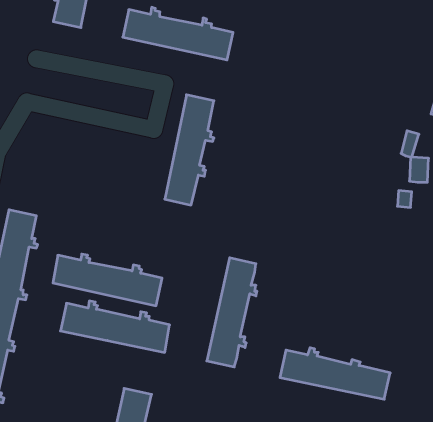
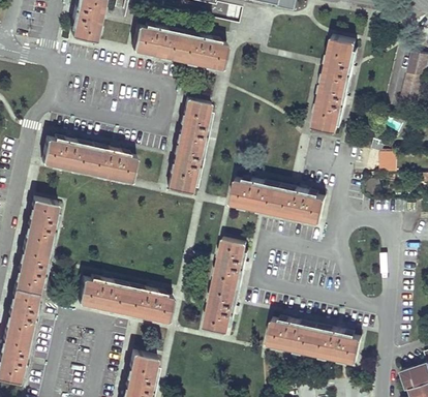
building: none -> [314,37,357,132]
building: none -> [232,178,327,222]
building: [53,254,162,306] -> [42,138,136,182]

